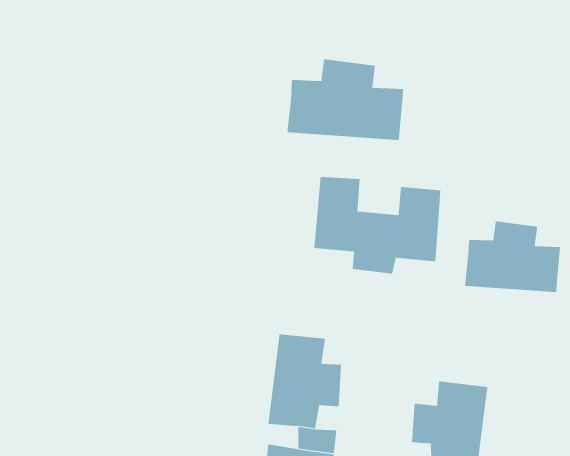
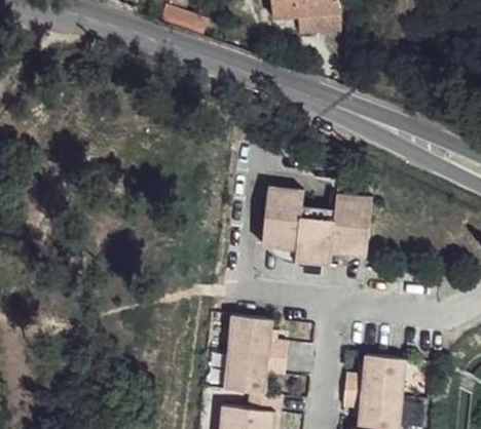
building: [287,59,404,141] -> none
building: [464,221,561,293] -> none

